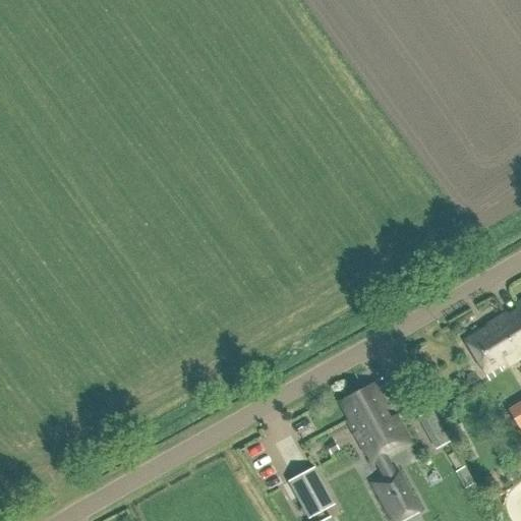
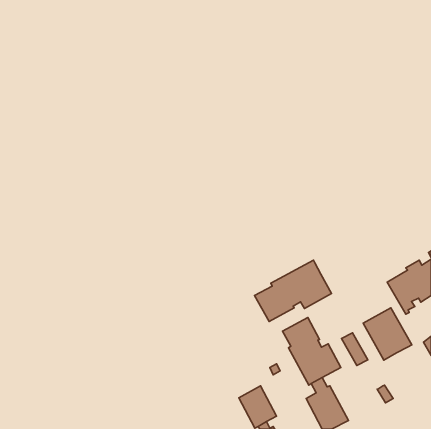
building: none -> [254,260,331,322]
building: none -> [363,308,412,360]

